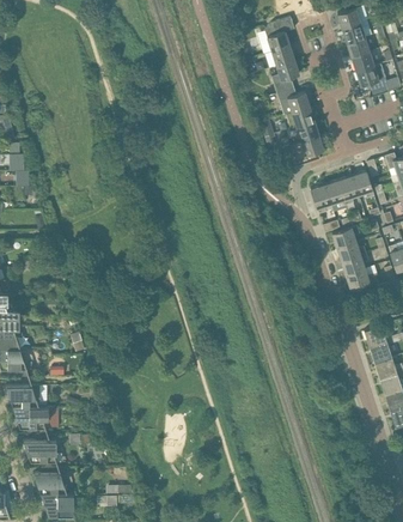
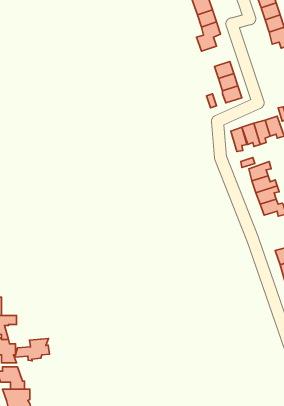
building: [276,89,310,115] -> none
building: none -> [15,339,49,361]

